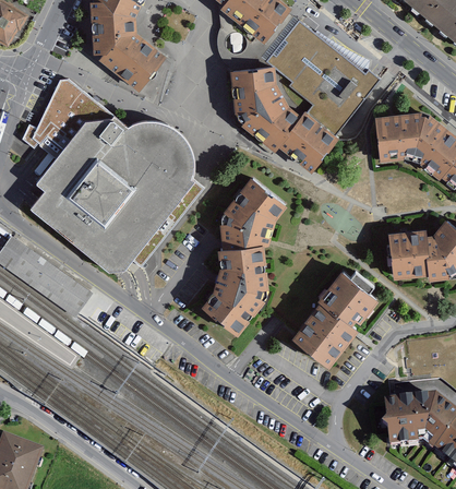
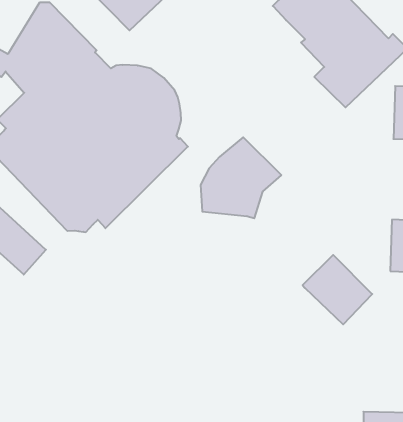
building: [229,68,338,174] -> none
building: [201,241,268,330] -> none
building: [292,297,357,360] -> none

